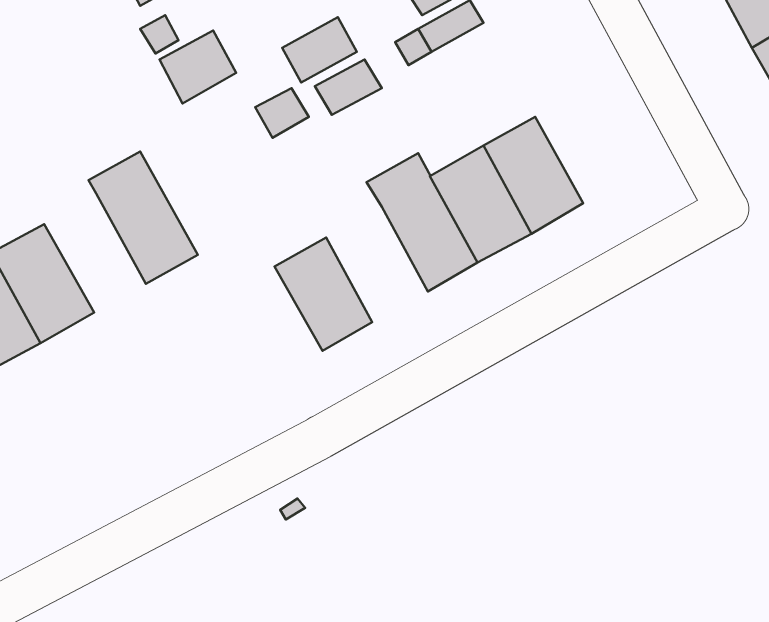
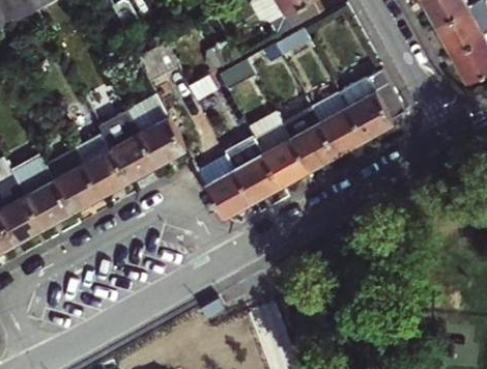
building: none -> [337,69,402,139]
building: none -> [123,95,183,167]
building: none -> [71,134,126,198]
building: none -> [224,141,279,203]

